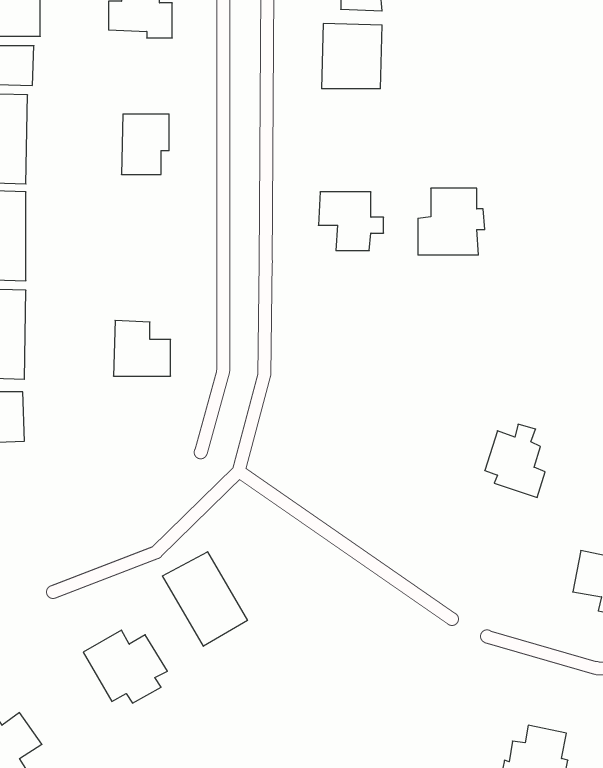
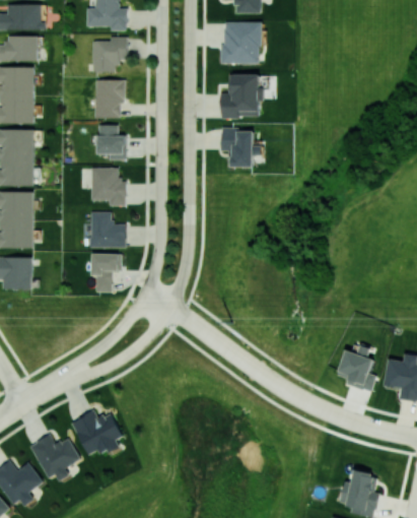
building: none -> [91,37,128,72]
building: none -> [97,125,126,159]
building: [418,188,485,255] -> [221,74,264,117]
building: none -> [90,168,126,205]
building: none -> [91,253,122,292]
building: [485,424,545,497] -> [338,345,376,392]
building: [162,552,247,646] -> none
building: none -> [30,435,80,481]

